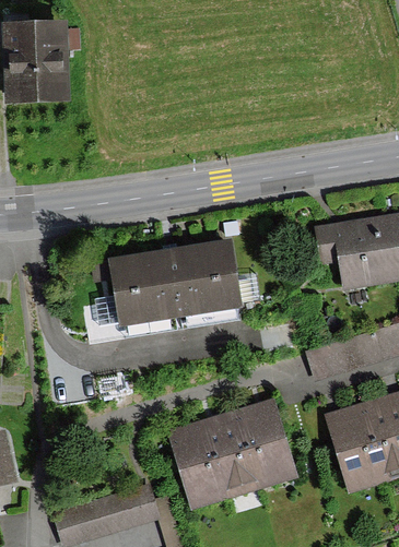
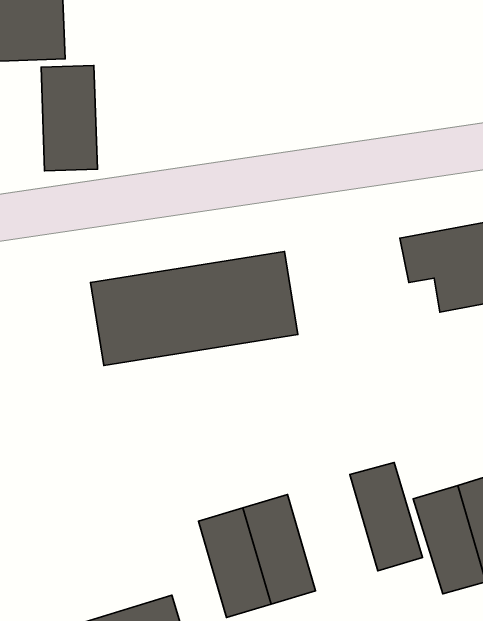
building: none -> [41,66,98,171]
building: [235,409,289,489] -> [350,463,422,571]

